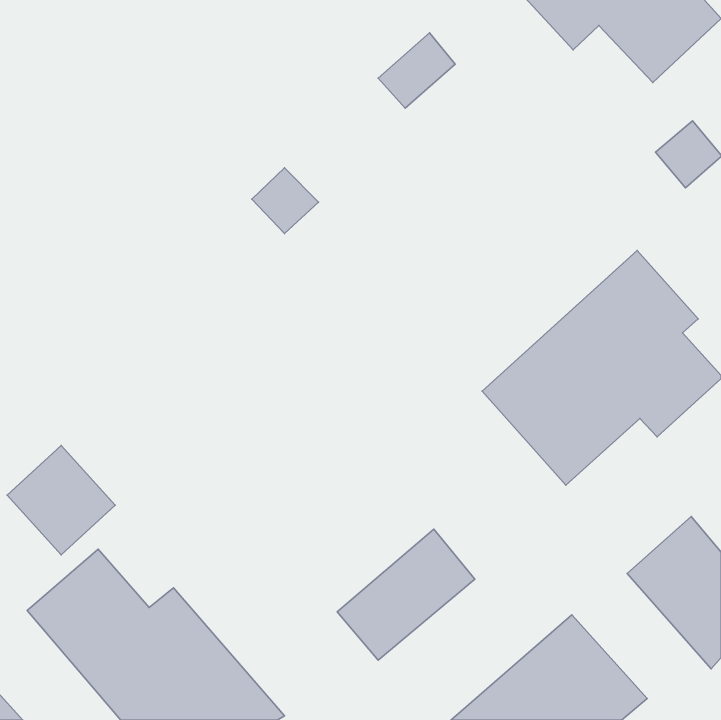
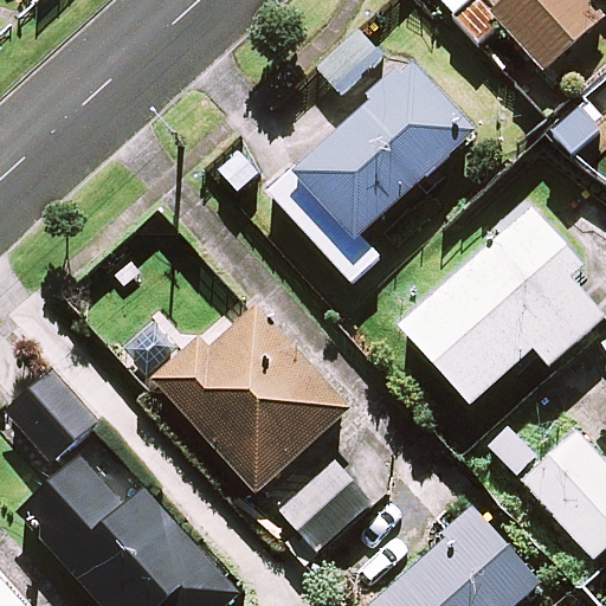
building: none -> [270,63,471,281]
building: none -> [154,295,349,492]

